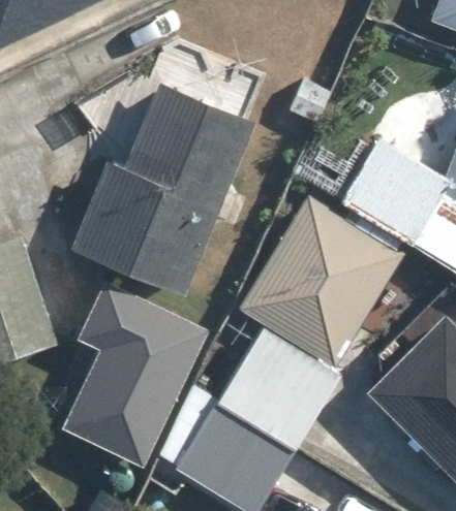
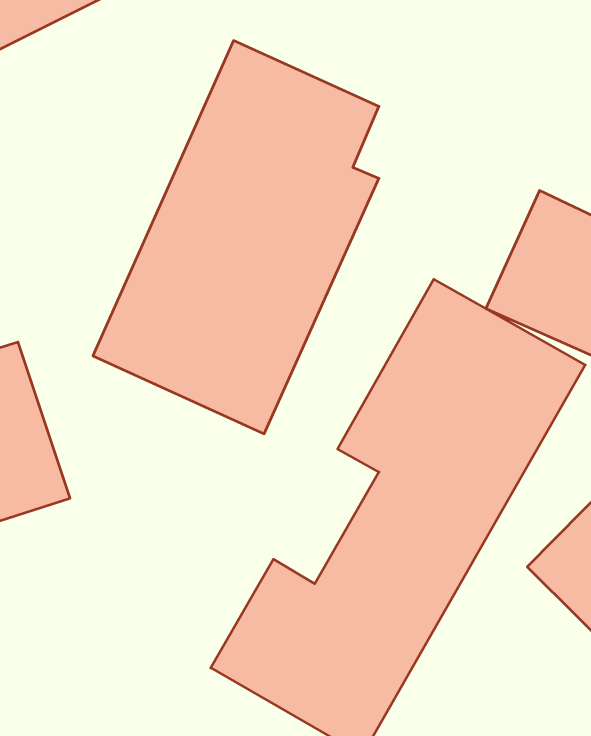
building: [53,285,208,464] -> none

